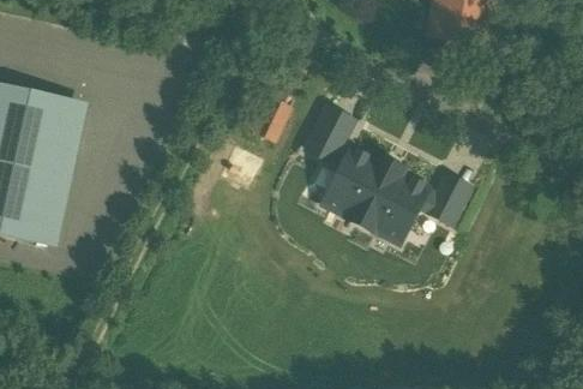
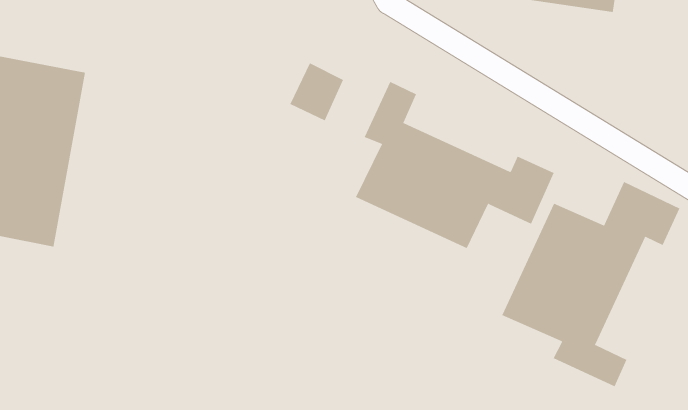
building: none -> [502,181,680,387]

